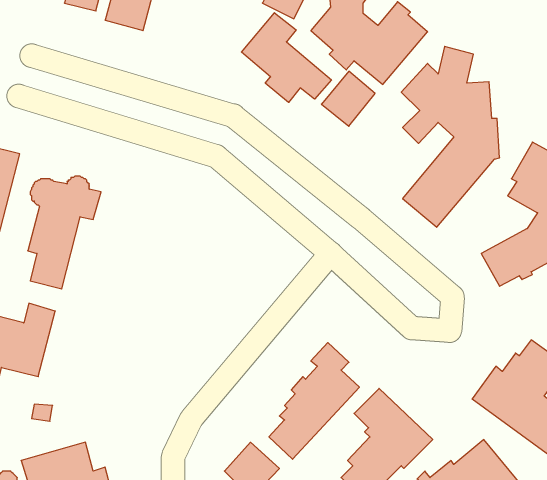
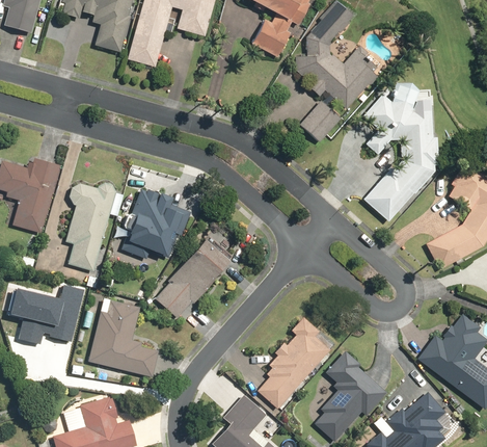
building: [241,13,331,102] -> none
building: none -> [123,188,192,260]
building: none -> [154,236,233,320]
building: none -> [89,301,159,376]

